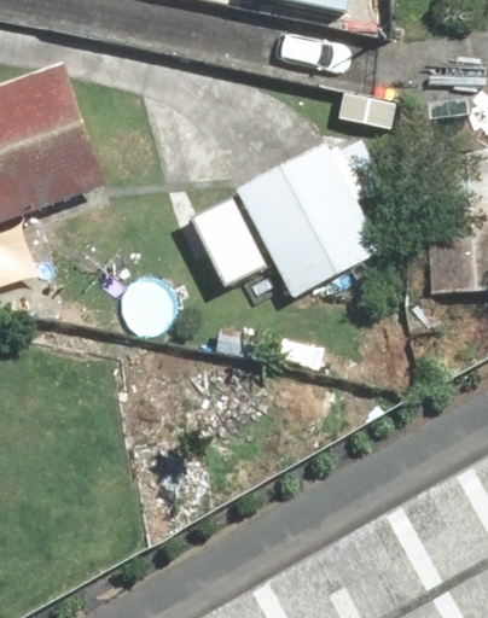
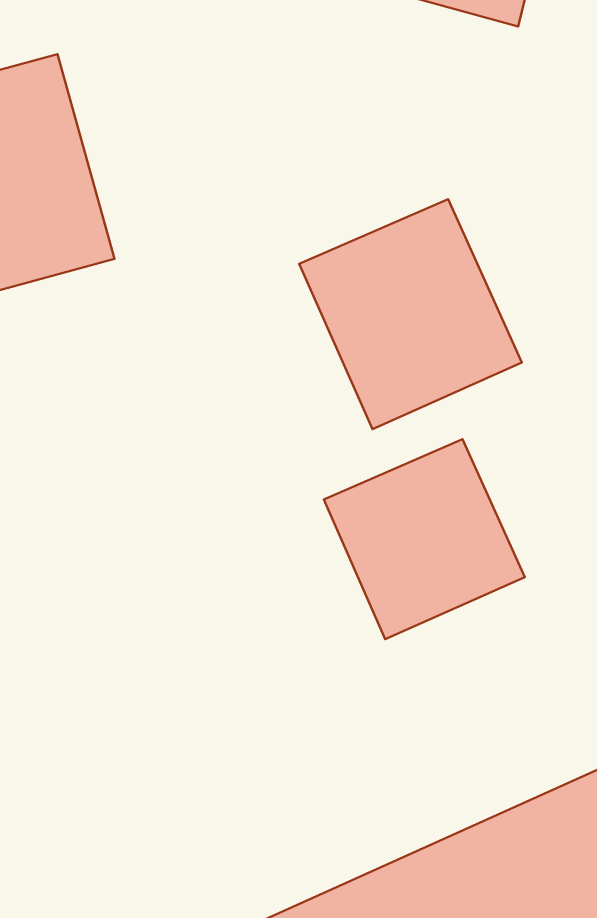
building: none -> [324,439,525,639]

